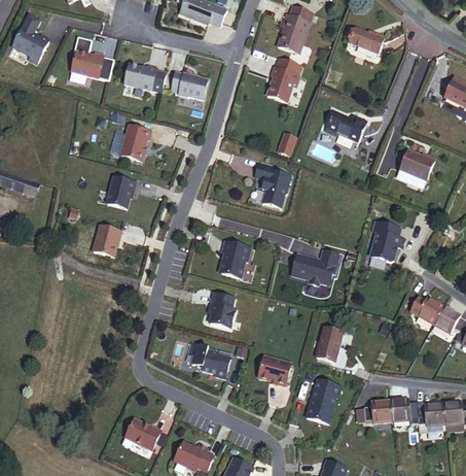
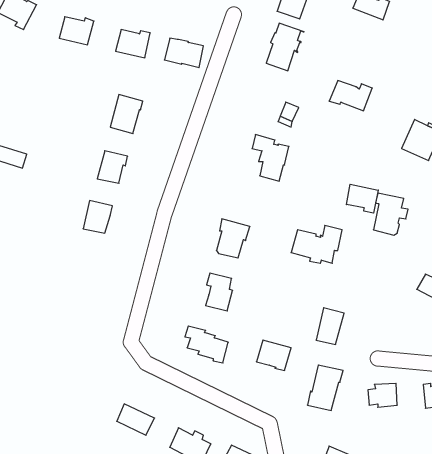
building: none -> [346,184,378,213]
building: [391,398,419,423] -> none

